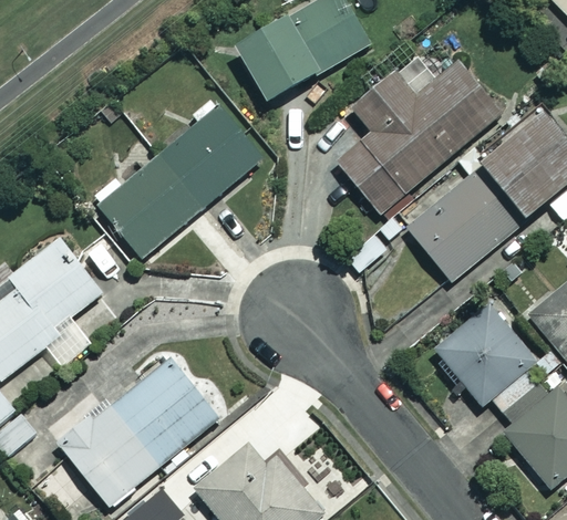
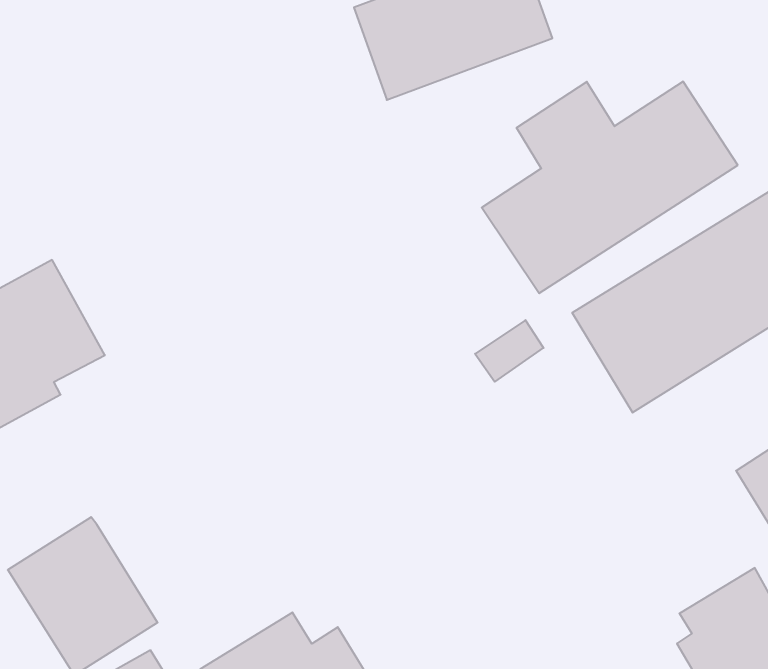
building: [93,105,262,259] -> none
building: [433,302,548,410] -> none
building: [113,357,219,464] -> none

